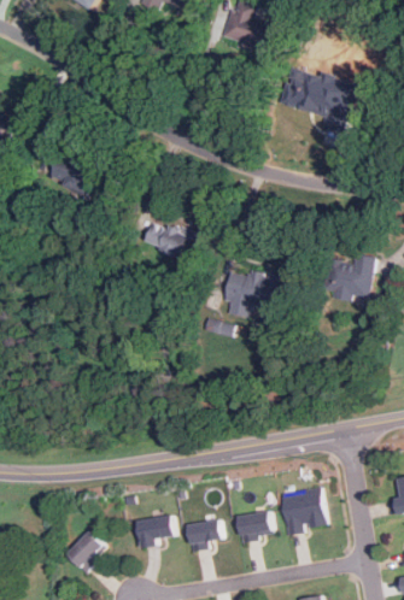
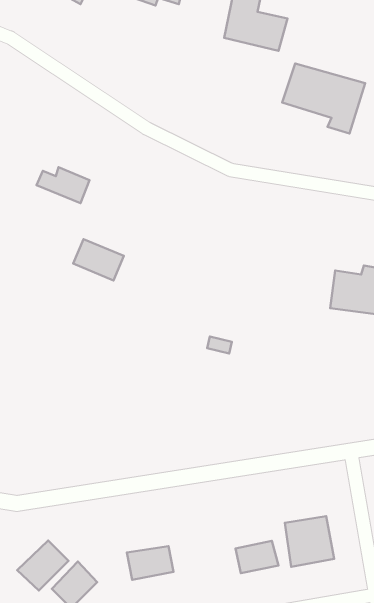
building: [144,219,191,258] -> [73,239,124,280]
building: [223,267,283,316] -> none
building: none -> [17,540,69,590]
building: [185,518,223,551] -> none

